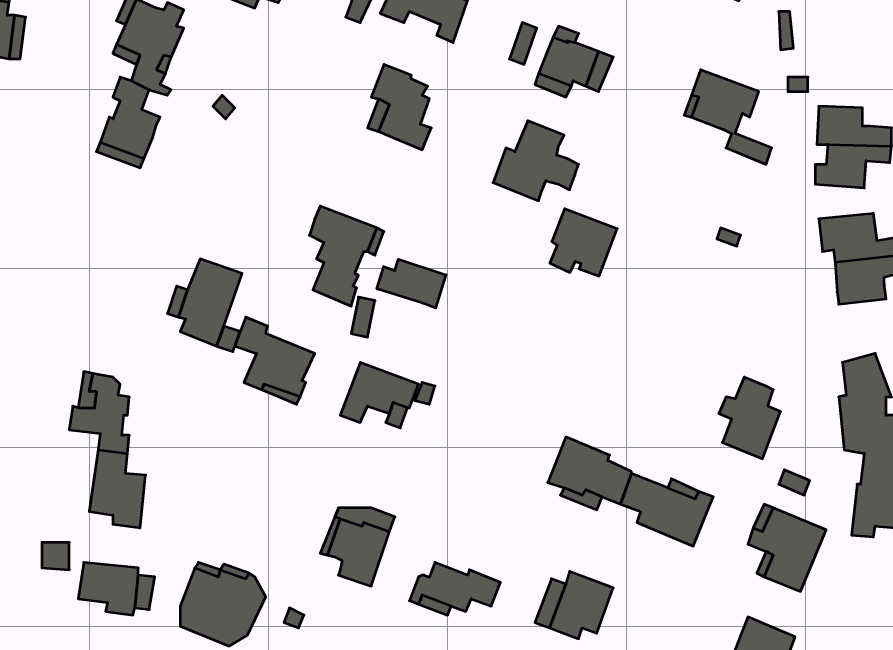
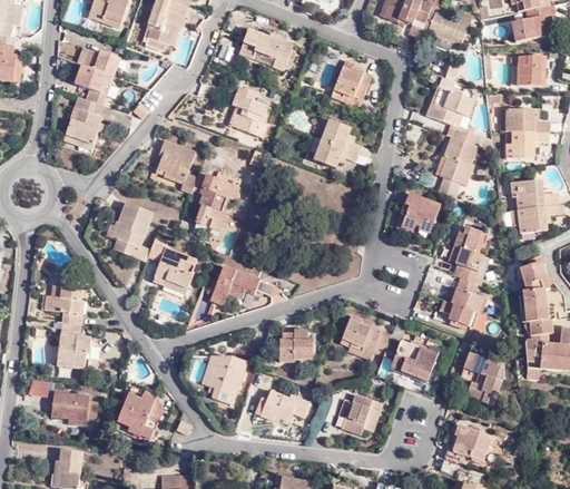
building: none -> [511,53,541,87]
building: none -> [435,134,473,186]
building: none -> [156,140,197,193]
building: [550,209,617,276] -> [399,193,440,234]
building: [377,259,446,308] -> none
building: none -> [446,225,487,282]
building: none -> [279,329,314,360]

